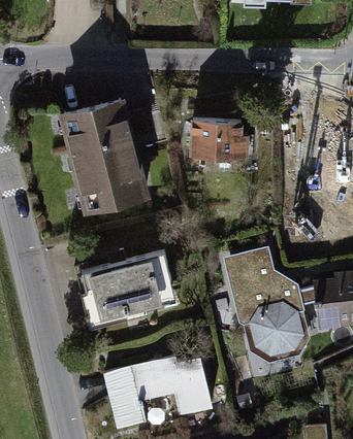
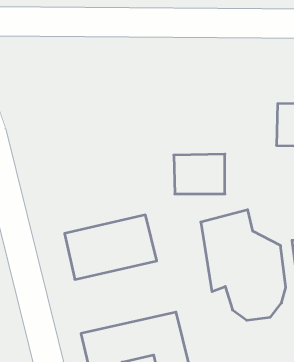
building: [60,99,152,218] -> none
building: [194,123,246,163] -> [174,154,225,194]

